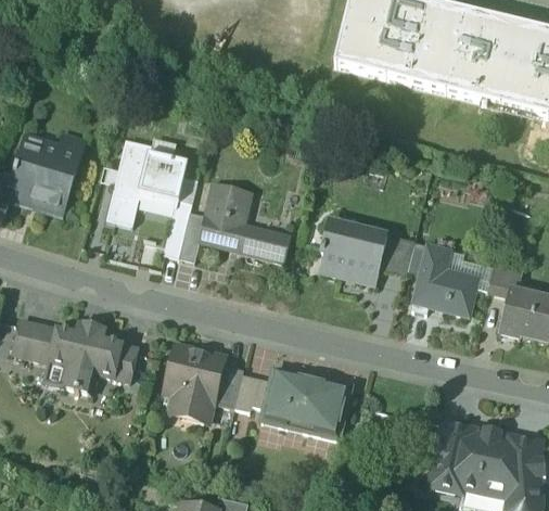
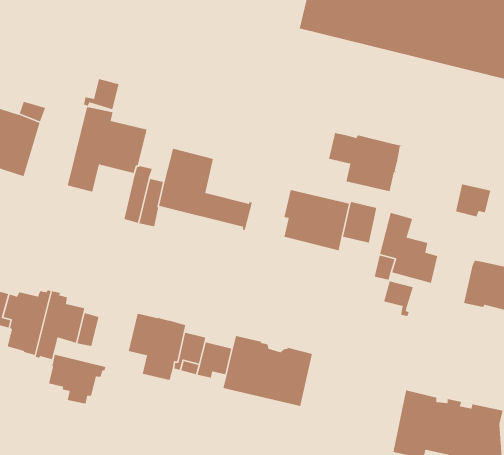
building: none -> [83,78,120,110]
building: none -> [328,132,403,192]
building: [487,265,523,298] -> [455,184,491,217]
building: none -> [383,281,414,317]
building: none -> [48,354,106,405]

